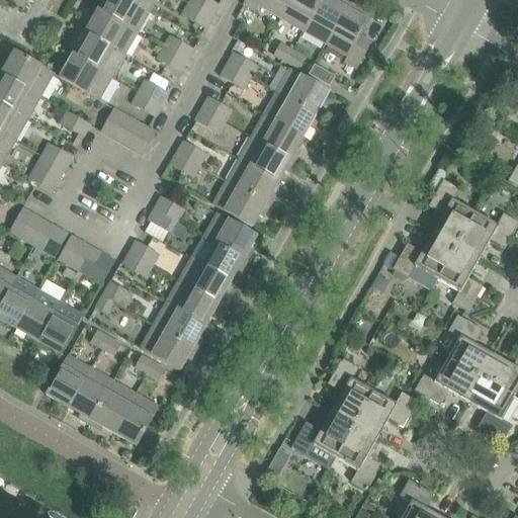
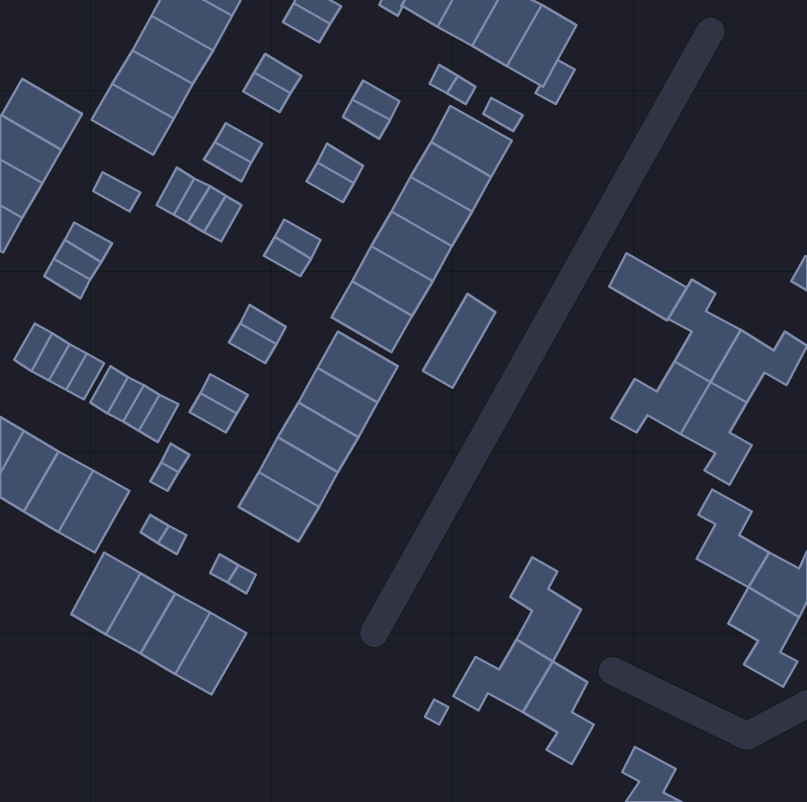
building: none -> [609,253,687,321]
building: none -> [423,294,496,388]
building: [140,325,191,370] -> none
building: [413,358,480,404] -> none
building: [354,391,417,437] -> none

